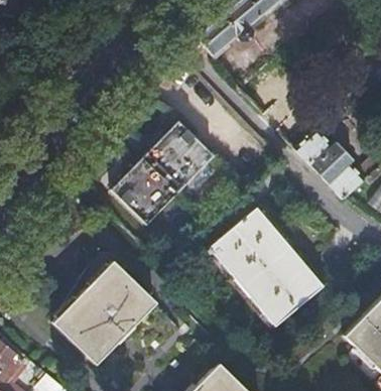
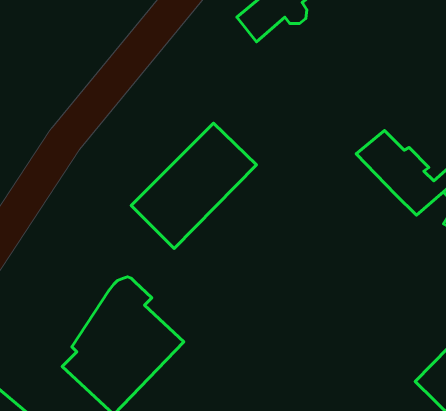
building: [209,208,323,327] -> none

